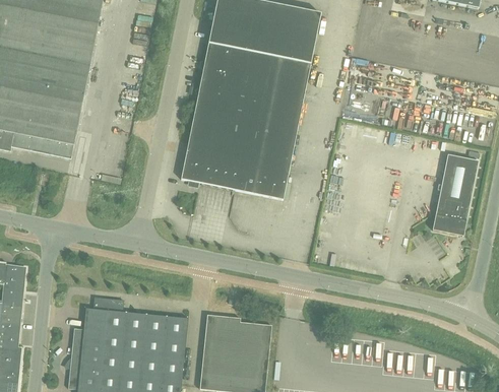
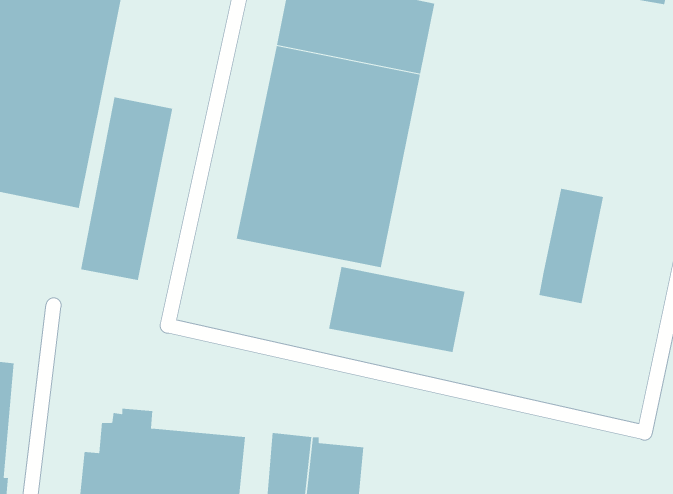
building: none -> [80,96,173,281]
building: [433,154,479,236] -> [539,188,604,304]
building: none -> [328,266,465,353]

